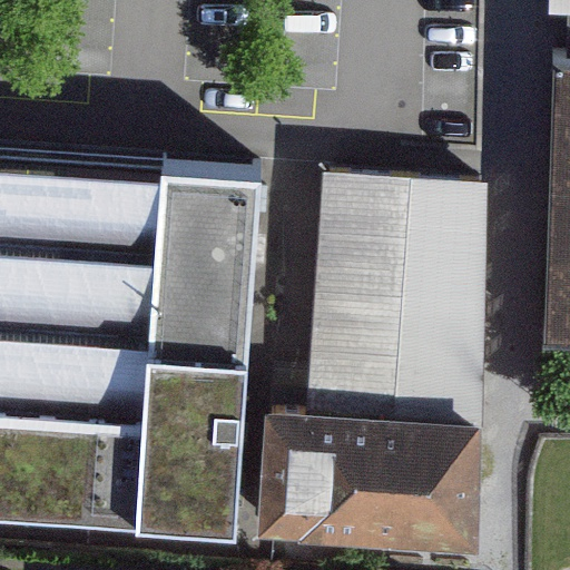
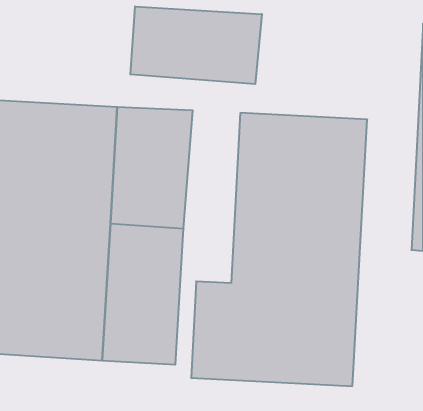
building: none -> [130,6,262,84]

